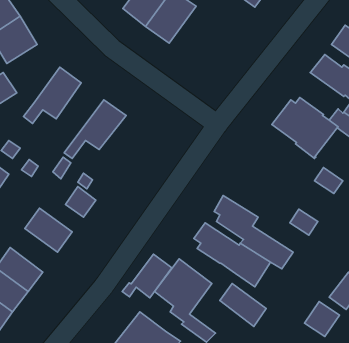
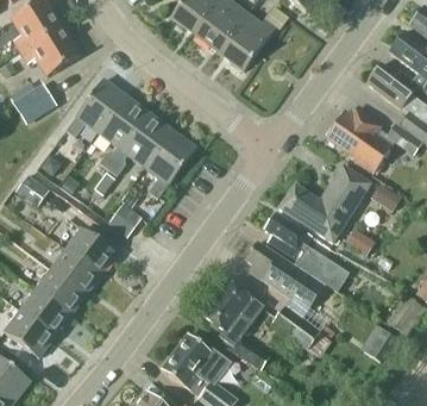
building: none -> [218,13,275,70]
building: none -> [98,94,149,168]
building: none -> [144,129,195,196]
building: none -> [278,165,370,242]
building: none -> [50,248,100,294]
building: [122,254,172,298] -> none

